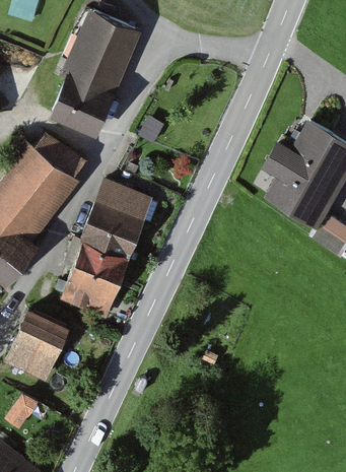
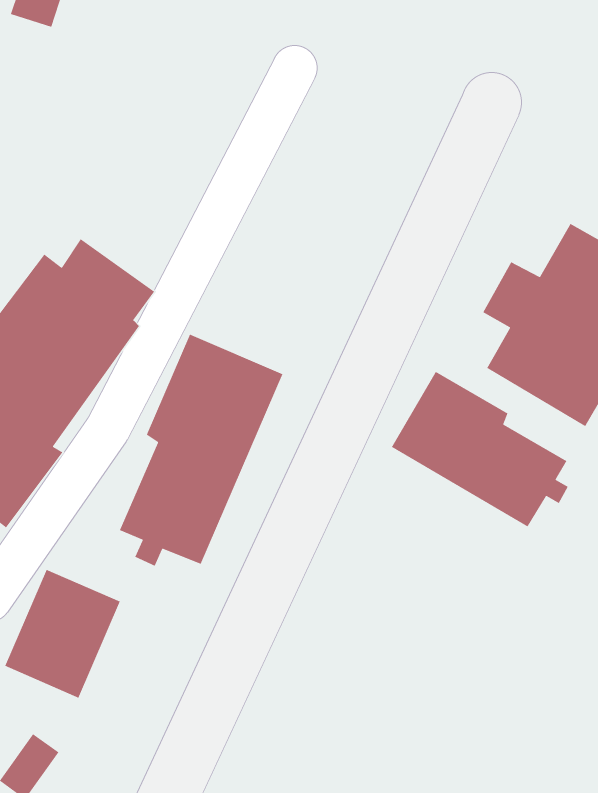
building: [48,11,137,132] -> none
building: none -> [391,371,569,527]

